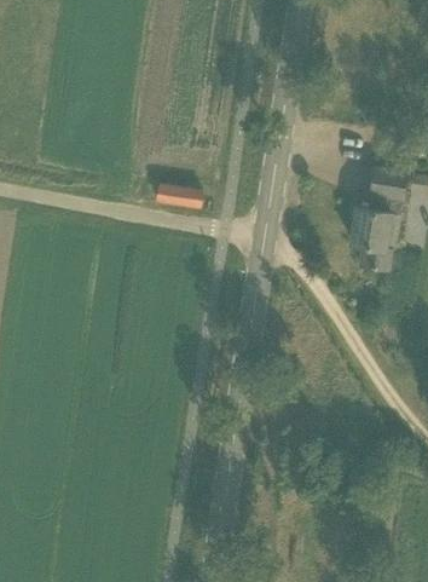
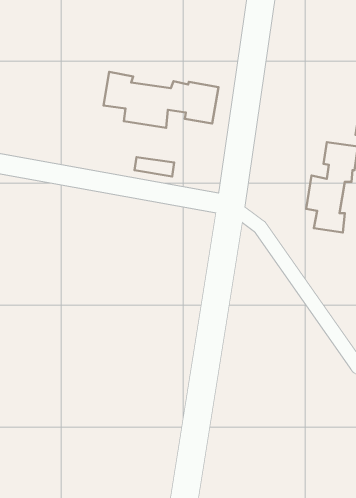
building: none -> [103,72,219,128]

